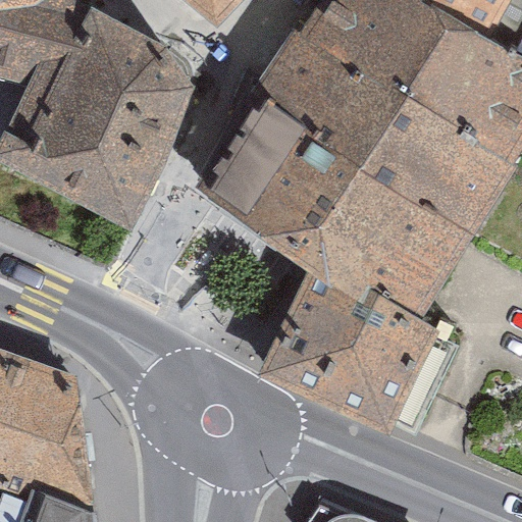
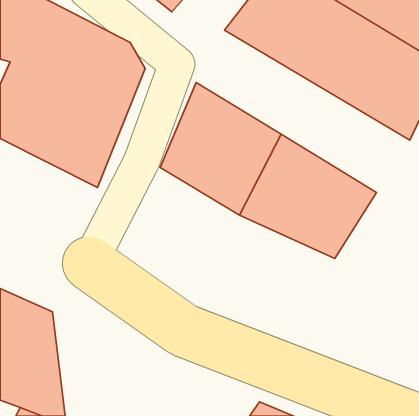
building: [249,37,510,236] -> none
building: [269,263,458,431] -> none

